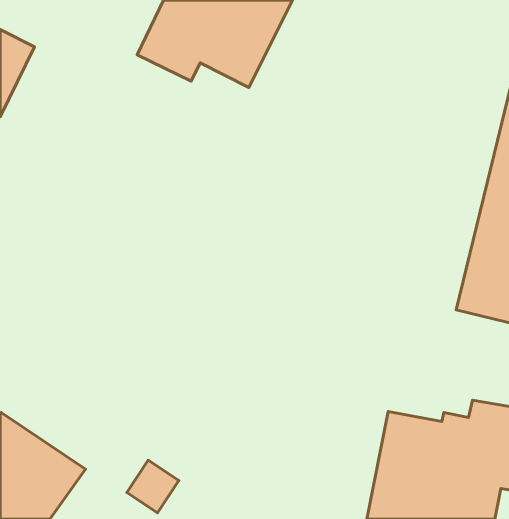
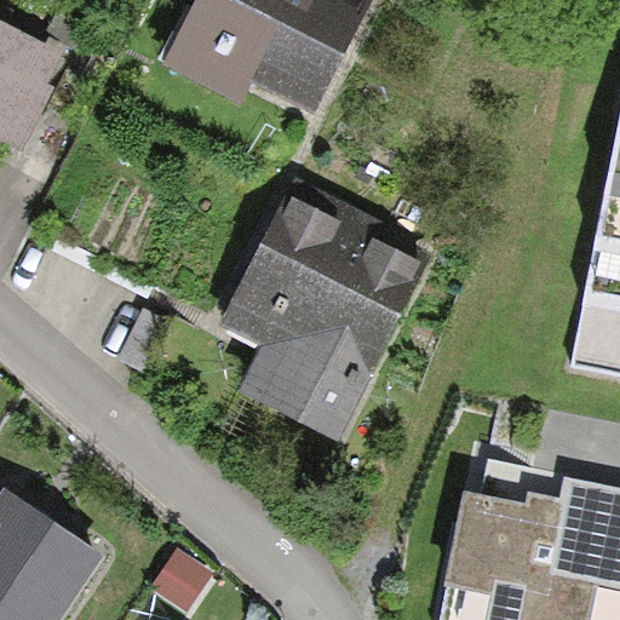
building: none -> [223,194,415,440]

